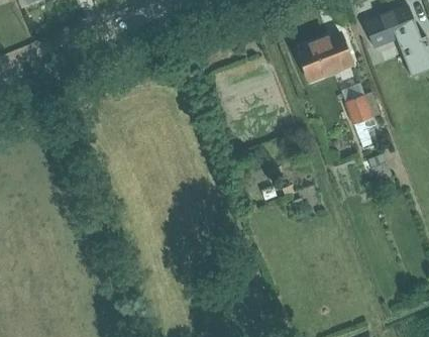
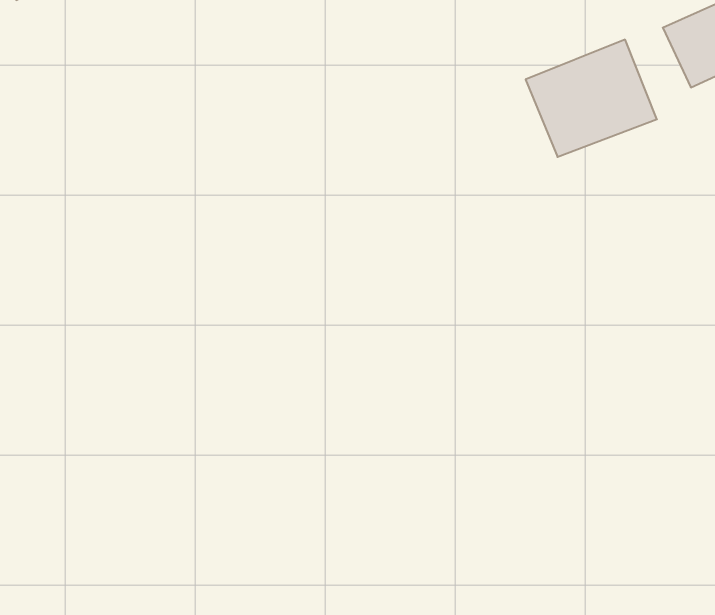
building: [343,90,373,122] -> none

